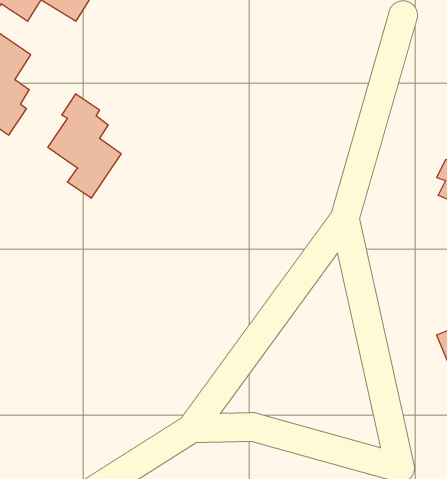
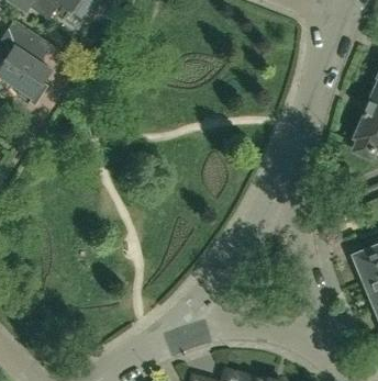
building: [48,94,121,198] -> none

